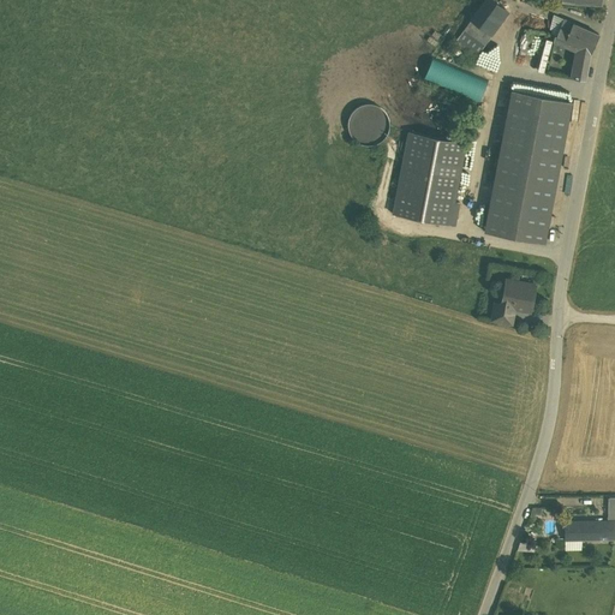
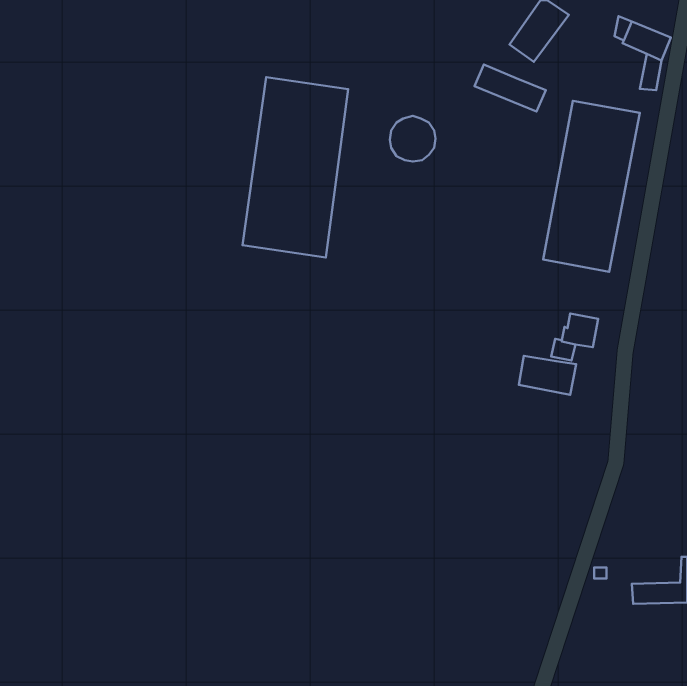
building: none -> [242,77,348,258]
building: [393,132,466,227] -> none
building: none -> [519,356,576,395]

